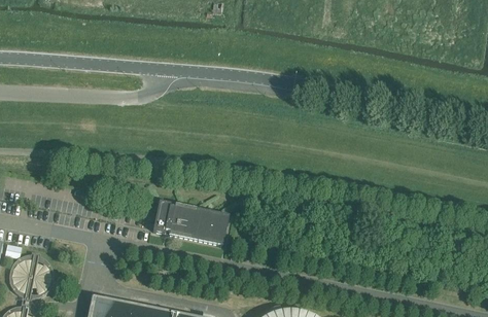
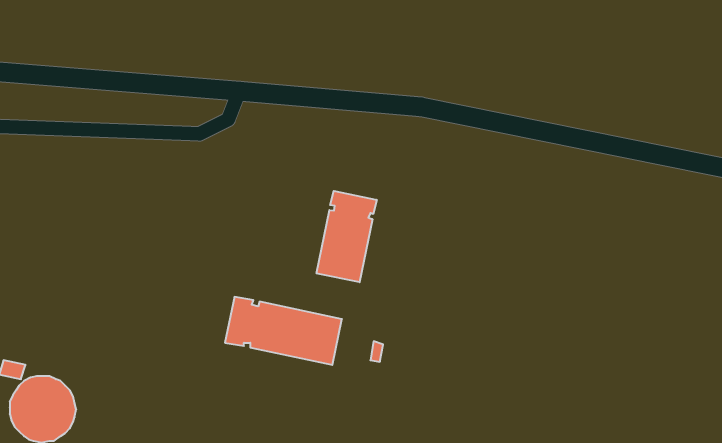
building: none -> [317,191,377,282]

